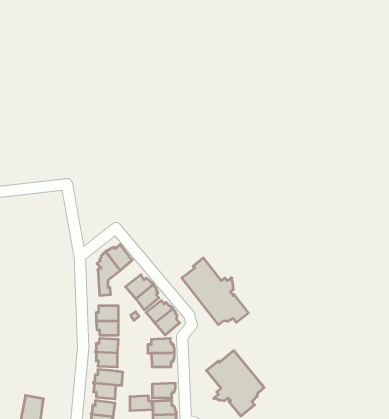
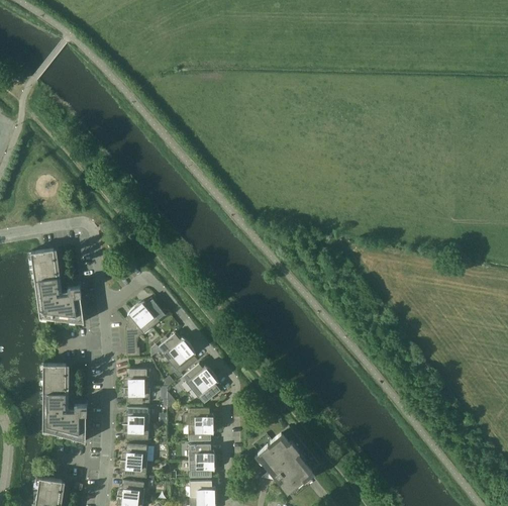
building: none -> [31,249,84,324]
building: [182,258,248,325] -> none
building: none -> [42,361,87,442]
building: [130,396,153,411] -> [189,444,216,462]

